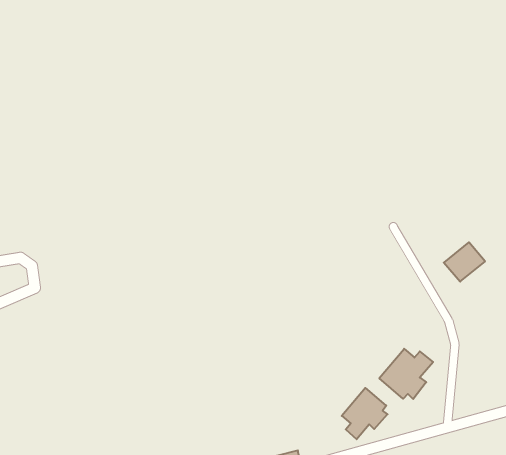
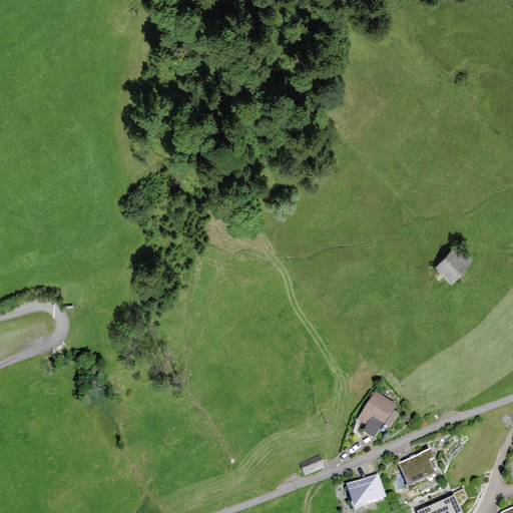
building: [379,349,433,399] -> none

